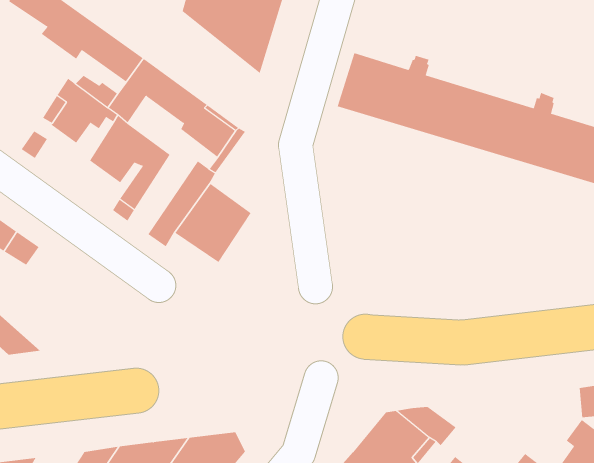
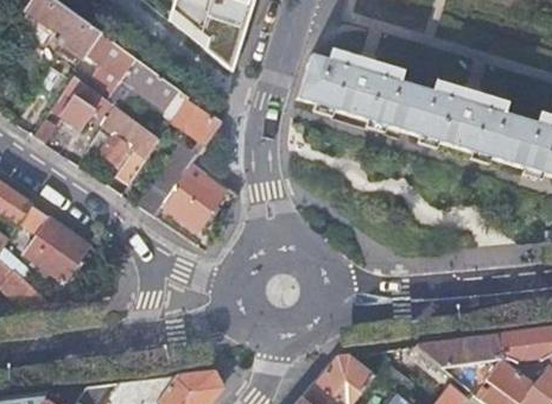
building: none -> [28,221,87,282]
building: none -> [417,335,501,375]

